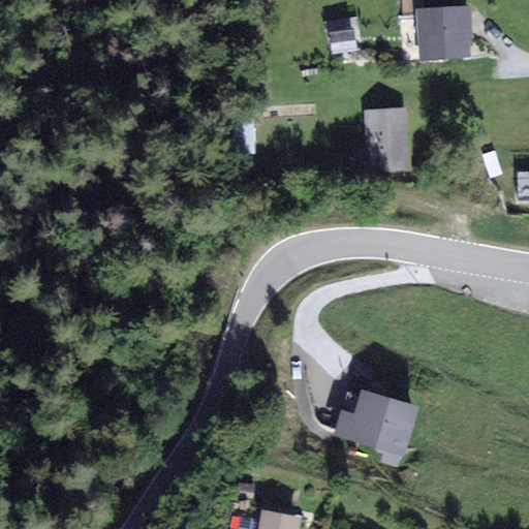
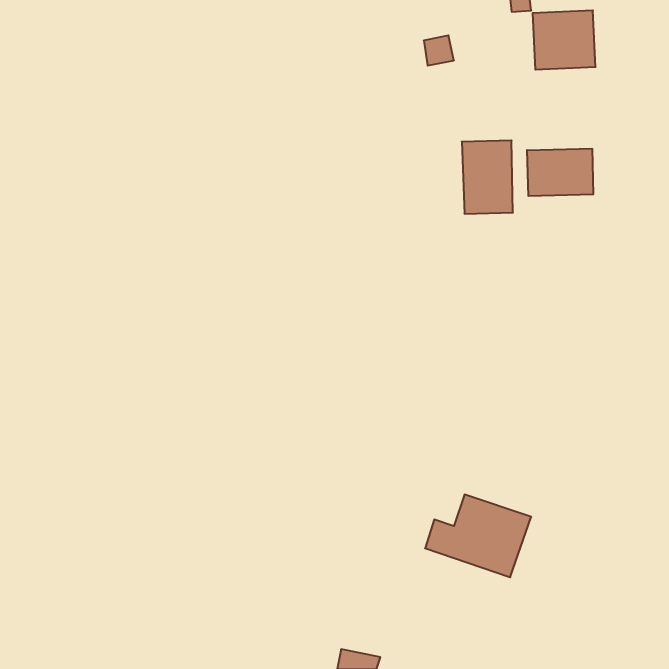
building: none -> [527,149,593,196]

